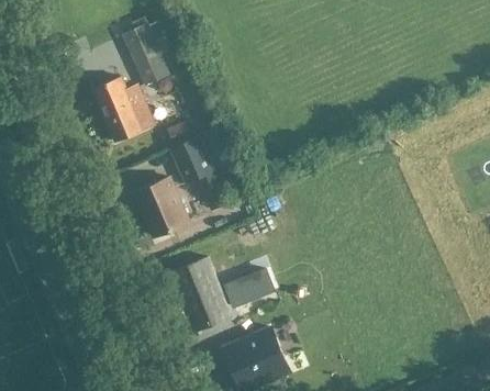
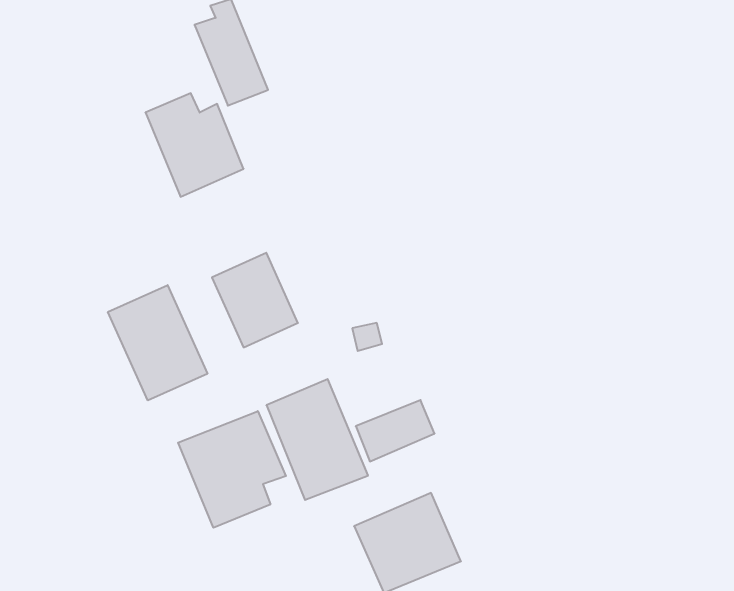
building: [171,135,220,189] -> none
building: none -> [108,285,207,400]
building: none -> [178,411,286,528]

